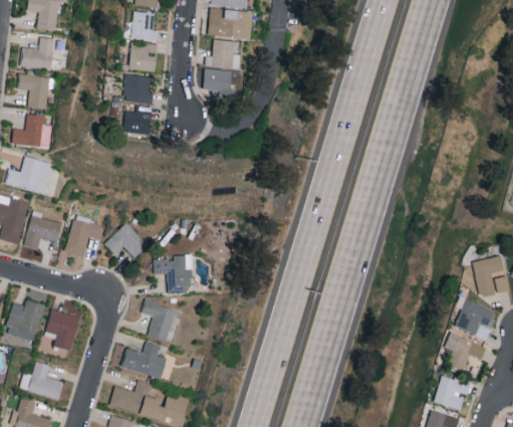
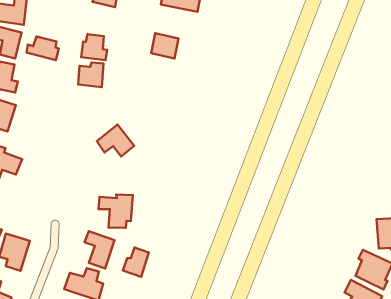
building: [204,39,239,68] -> none
building: [126,42,156,71] -> none
building: none -> [26,37,59,60]
building: [66,216,106,256] -> none
building: [105,222,149,258] -> [97,124,134,156]
building: none -> [123,248,149,277]

